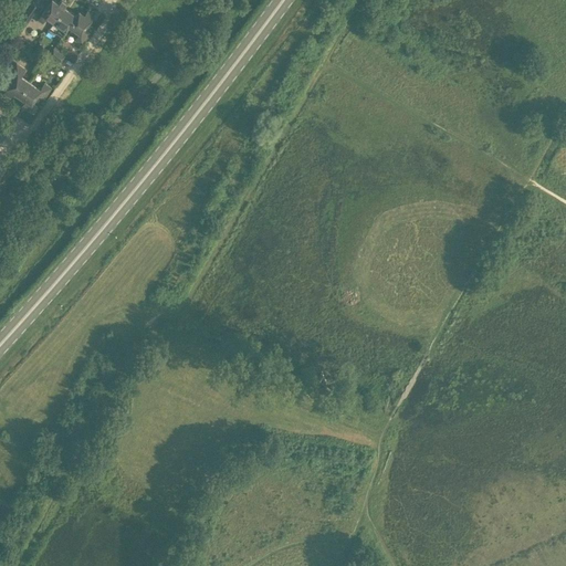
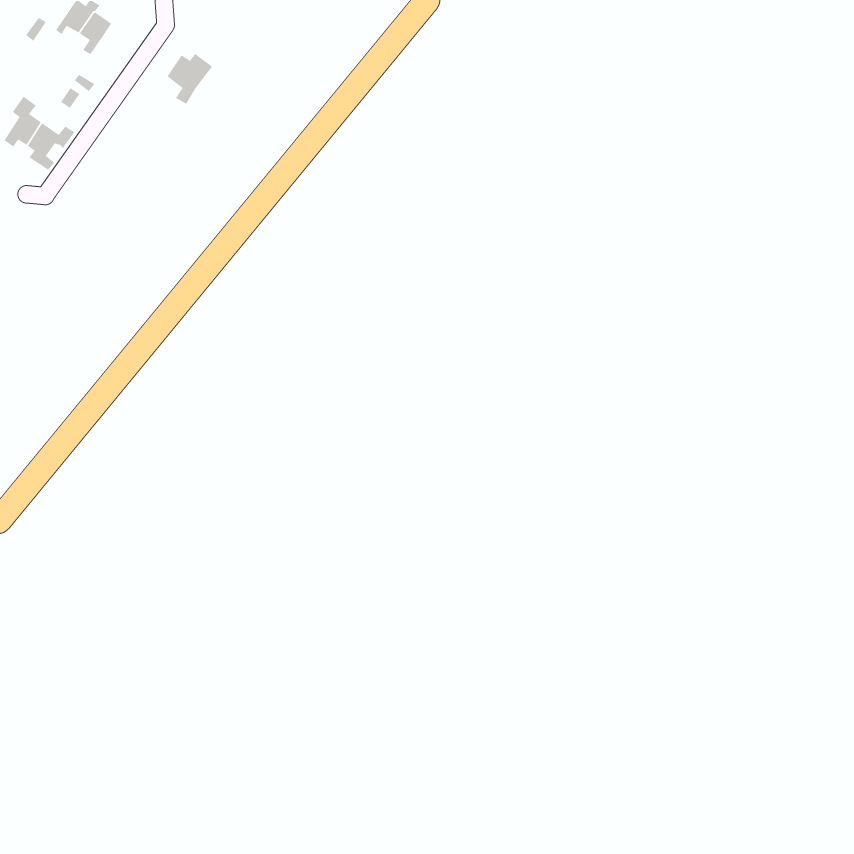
building: [67,11,98,45] -> [166,53,213,105]

